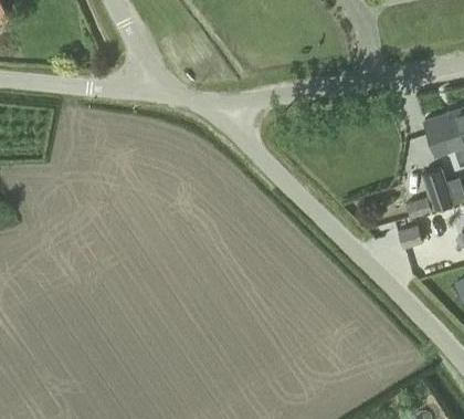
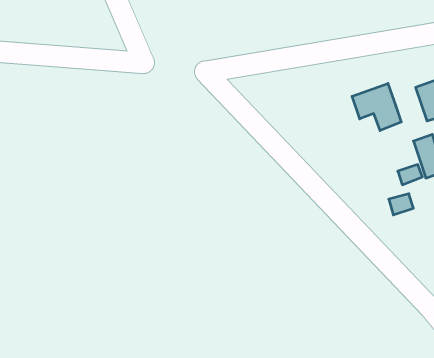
building: none -> [352,83,401,131]

